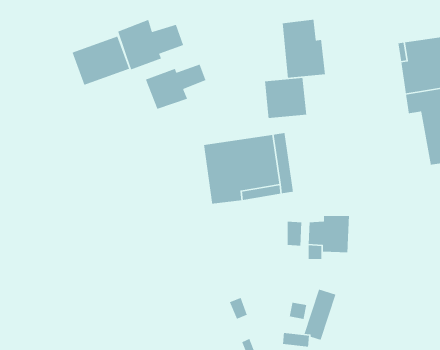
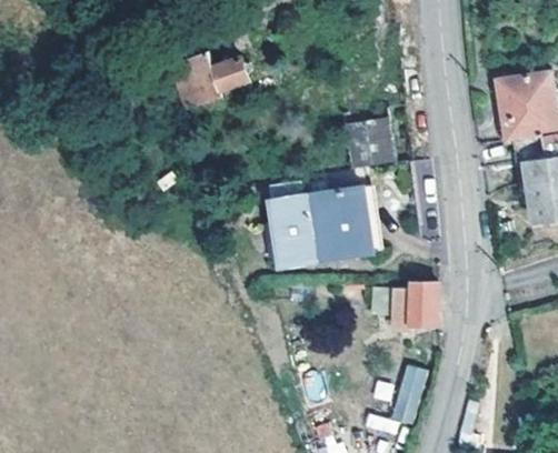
building: [282,19,326,79] -> none
building: [72,35,130,86] -> none
building: [145,63,207,110] -> none

